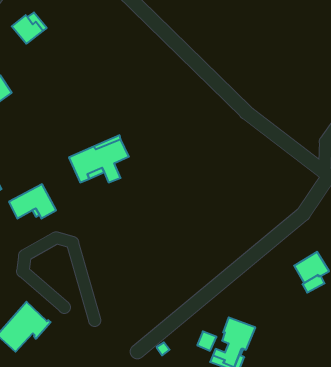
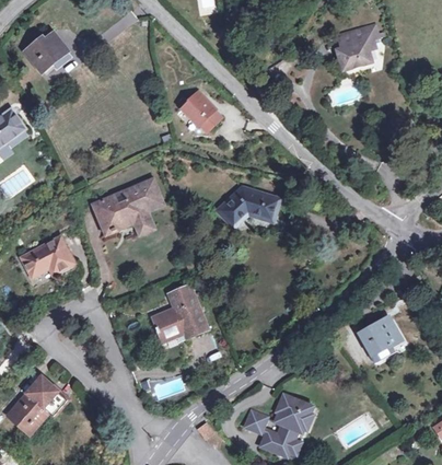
building: none -> [336,24,375,68]
building: none -> [181,90,222,131]
building: none -> [217,187,279,228]
building: none -> [151,283,208,341]

